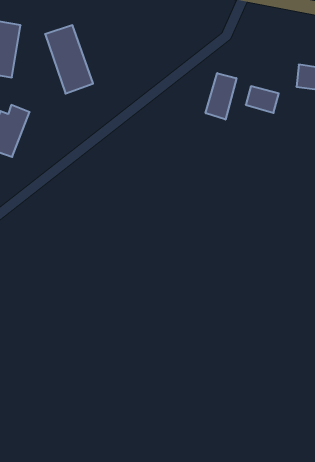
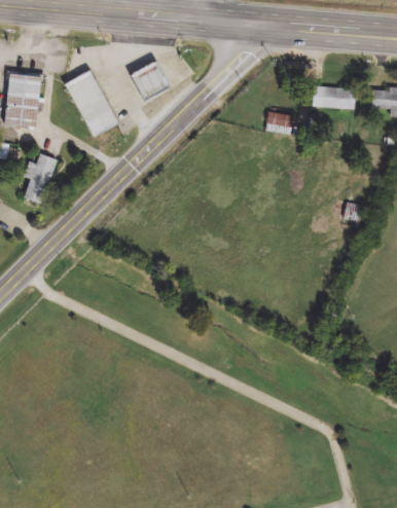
building: none -> [128,61,168,101]
building: [206,73,236,120] -> none

